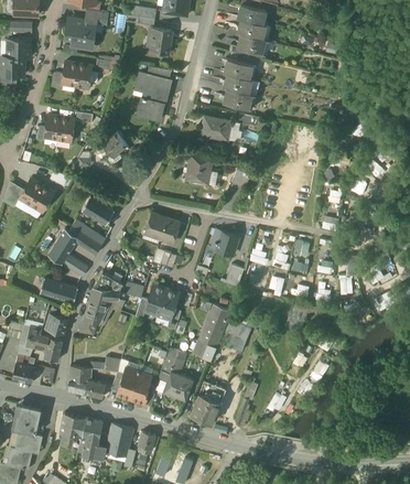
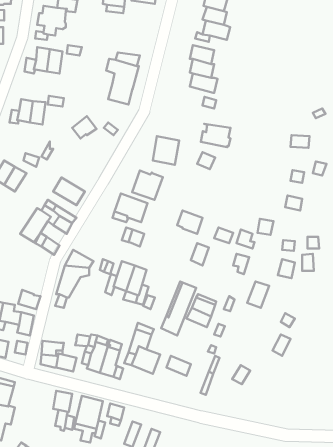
building: [145,28,171,54] -> none
building: [201,116,231,140] -> [201,124,231,147]
building: none -> [132,170,163,200]
building: [40,278,78,303] -> none
building: [191,394,220,423] -> none
building: [60,413,85,445] -> none

